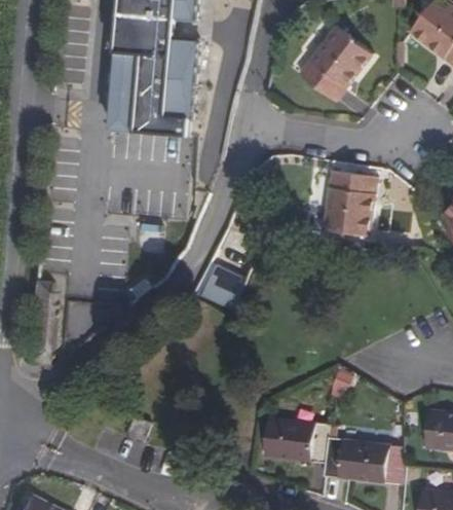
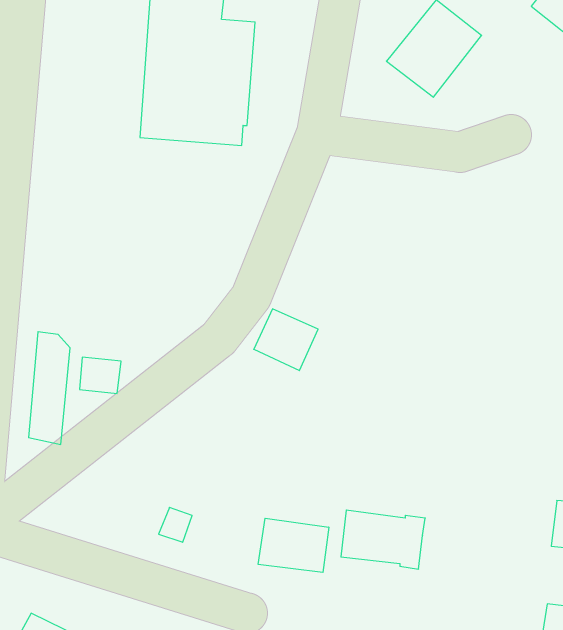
building: [325,169,377,234] -> none
building: none -> [258,518,329,572]
building: [324,436,388,480] -> none

